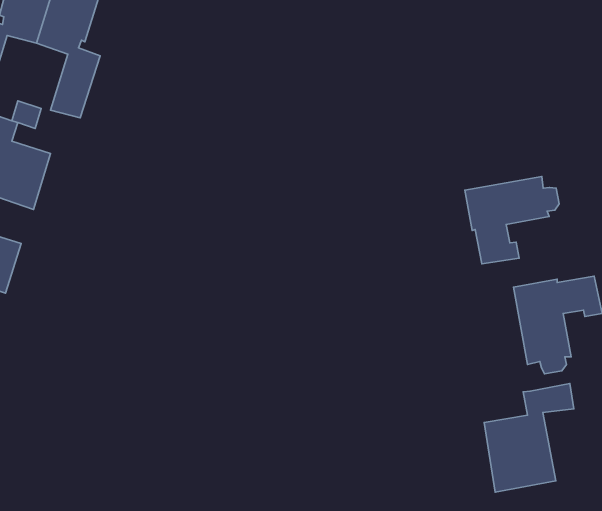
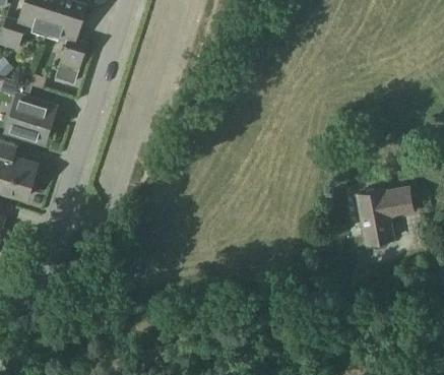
building: [465,176,559,264] -> none
building: [484,383,574,492] -> none

